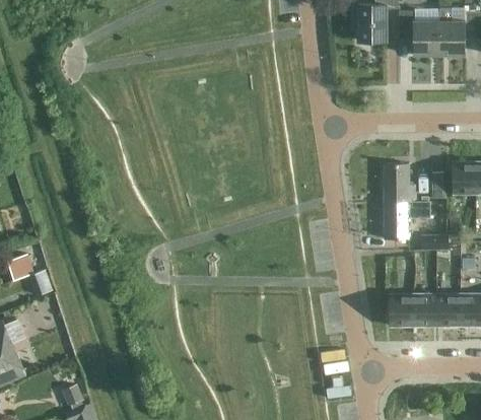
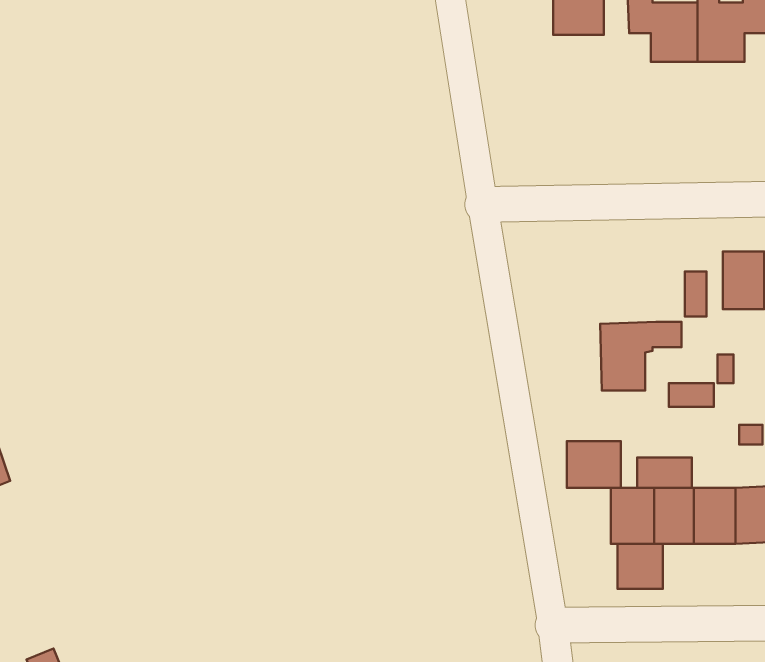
building: [384,163,415,202] -> none
building: none -> [567,441,621,488]
building: none -> [637,458,692,488]
building: none -> [618,544,663,589]

